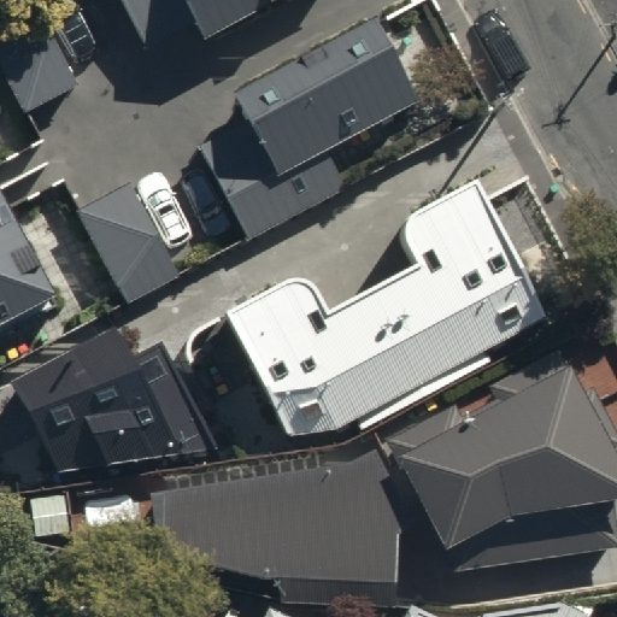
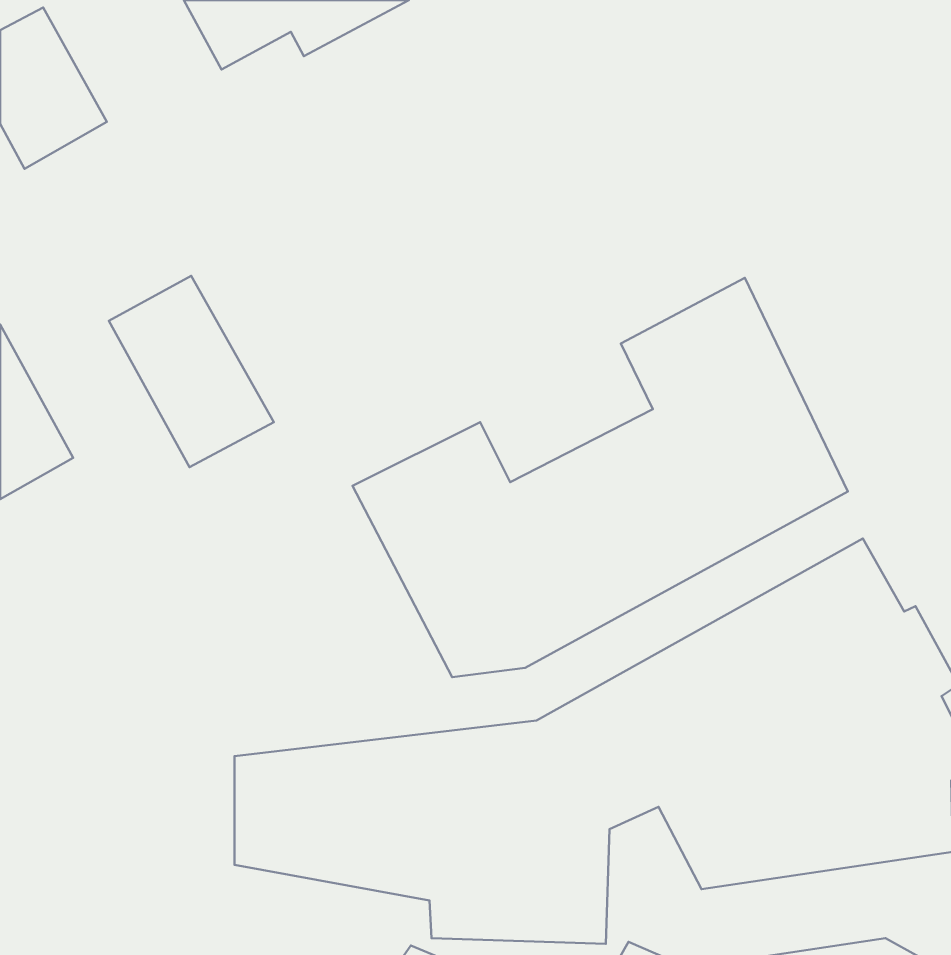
building: [194,18,410,229] -> none
building: [18,330,222,475] -> none

